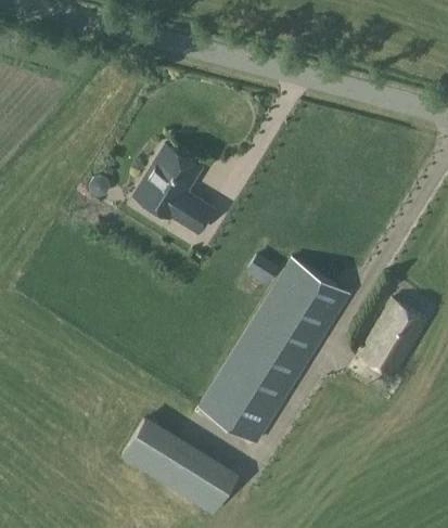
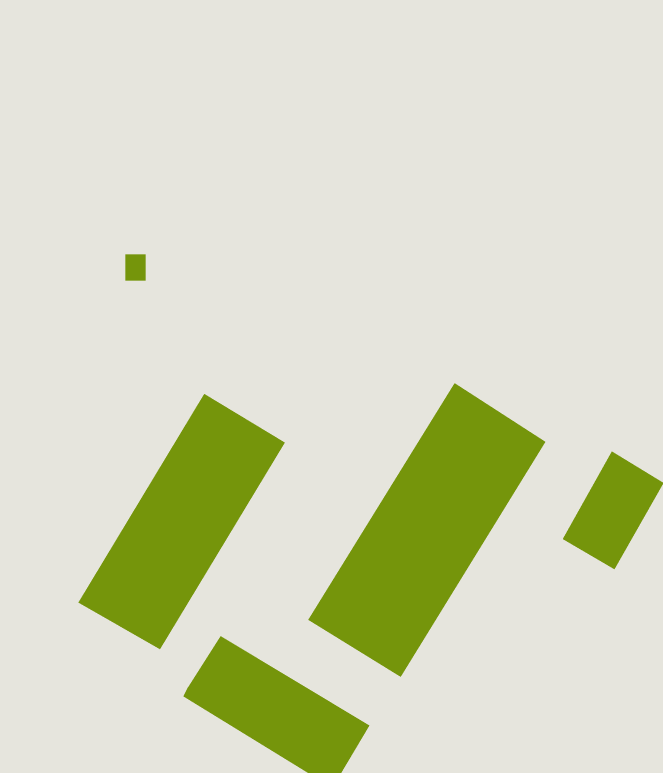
building: [133,146,210,232] -> none
building: none -> [78,393,286,650]

